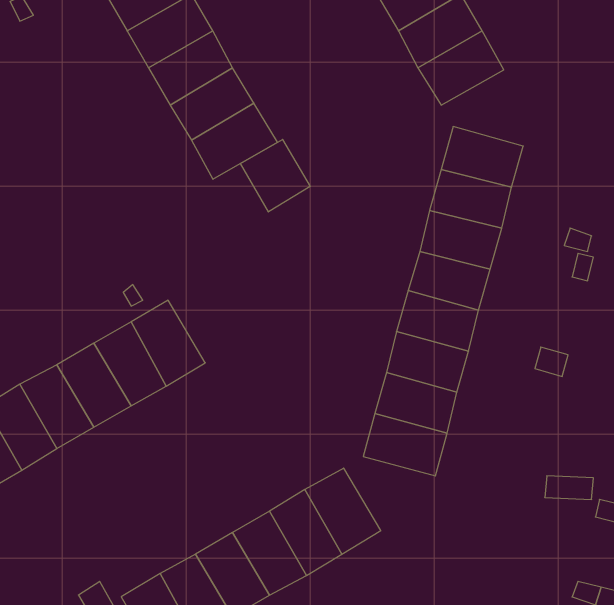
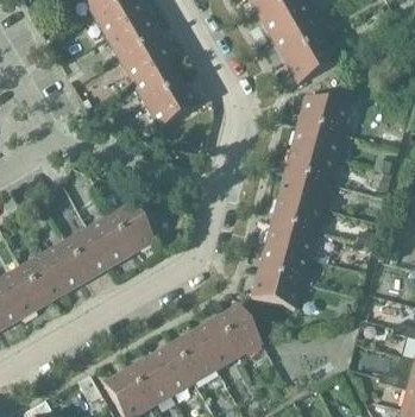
building: [240,139,310,212] -> none

